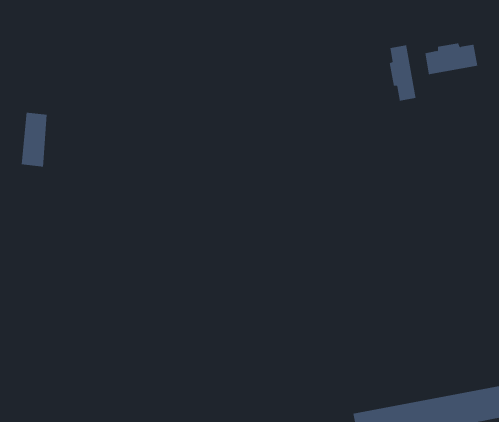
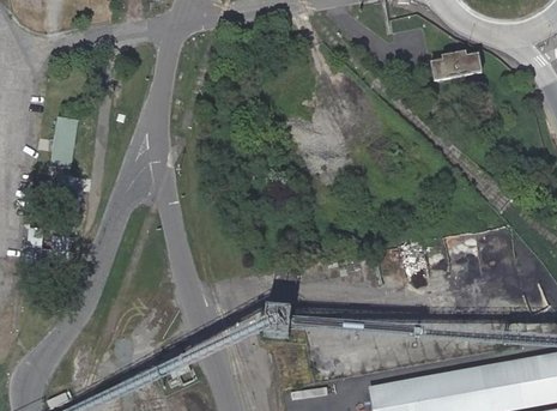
building: [389,44,416,102] -> none

